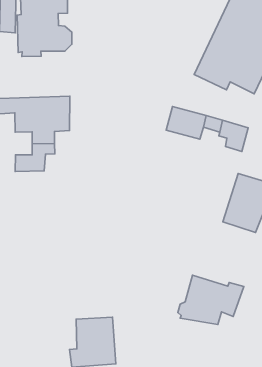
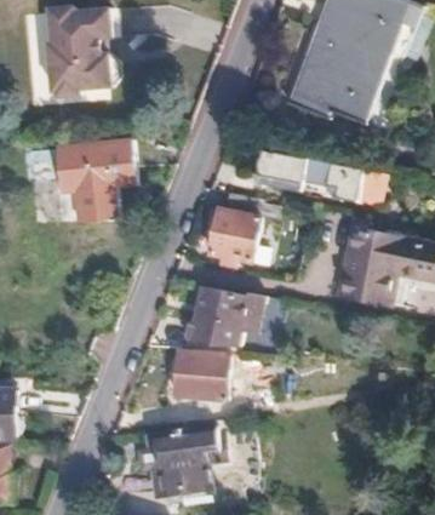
building: none -> [208,191,264,264]
building: none -> [174,351,229,400]
building: [178,275,244,325] -> [184,286,268,348]

